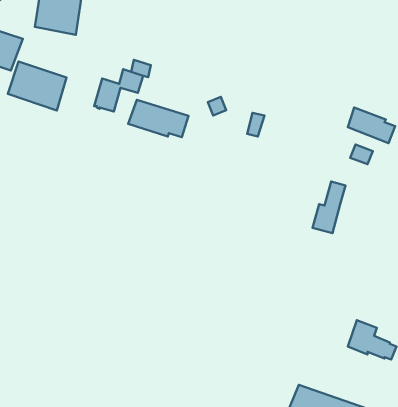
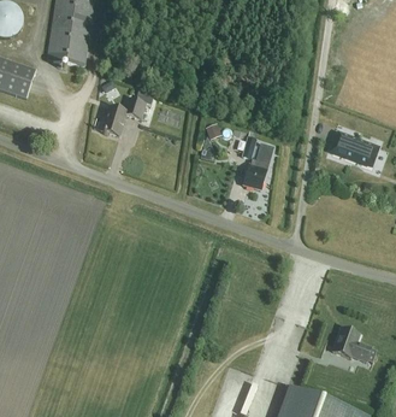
building: [8,62,67,110] -> none
building: [128,100,189,137] -> none
building: [313,182,346,233] -> [243,143,273,190]

